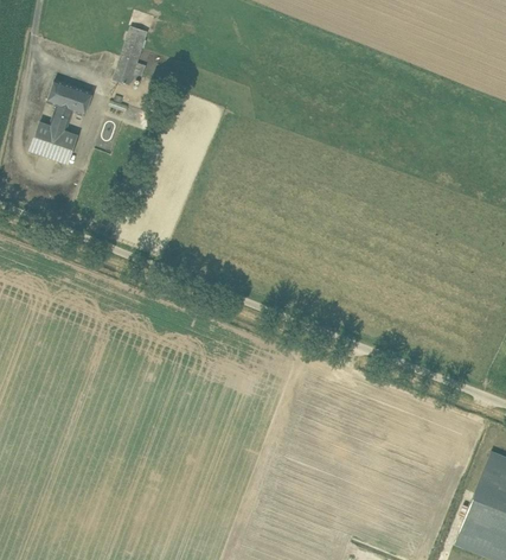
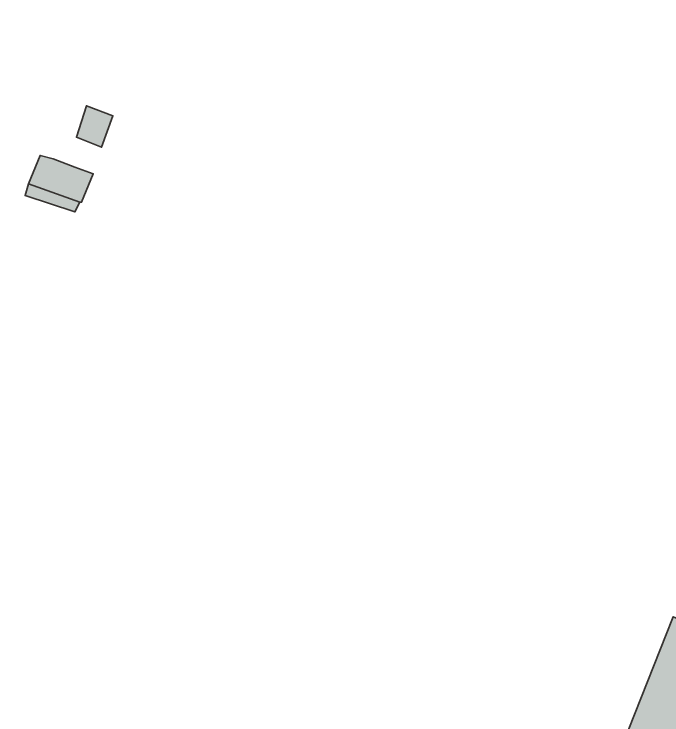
building: [113,27,147,87] -> none
building: [46,81,73,131] -> none

